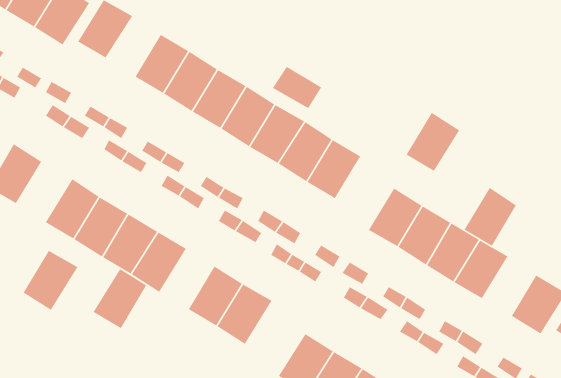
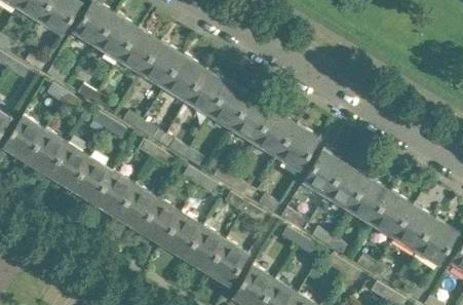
building: none -> [94,13,138,62]
building: [272,66,322,109] -> none
building: [406,112,460,172] -> [275,124,318,171]
building: [463,187,517,247] -> [391,203,433,251]
building: [23,250,79,311] -> [24,128,68,177]
building: [92,268,147,329] -> [137,197,180,245]
building: none -> [204,238,248,288]

